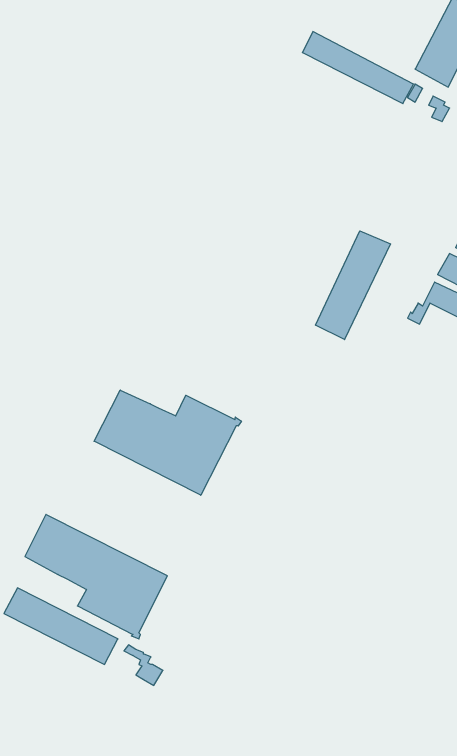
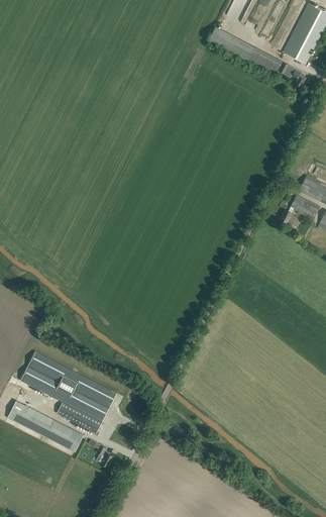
building: [316,231,390,340] -> none
building: [94,390,241,495] -> none

